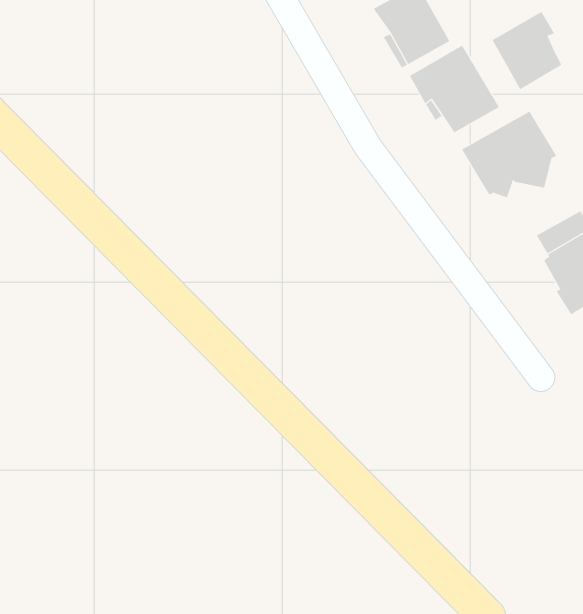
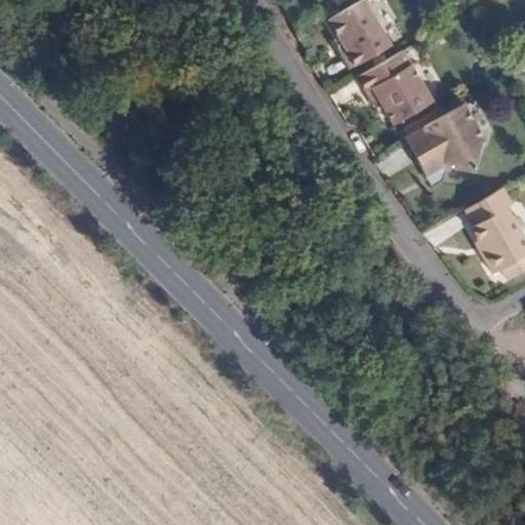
building: [492,11,562,90] -> none

